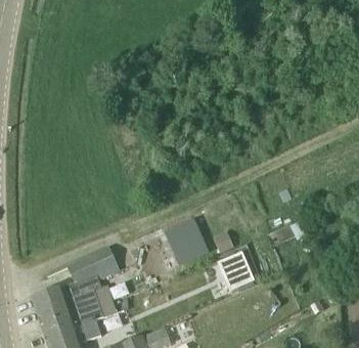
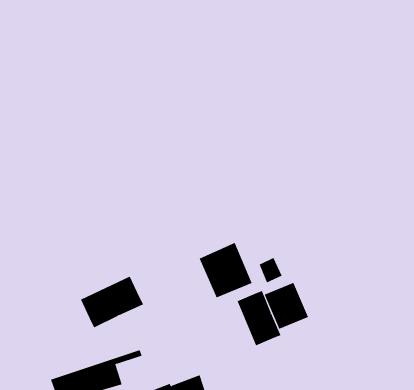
building: none -> [237,290,281,346]
building: [30,278,116,331] -> none

